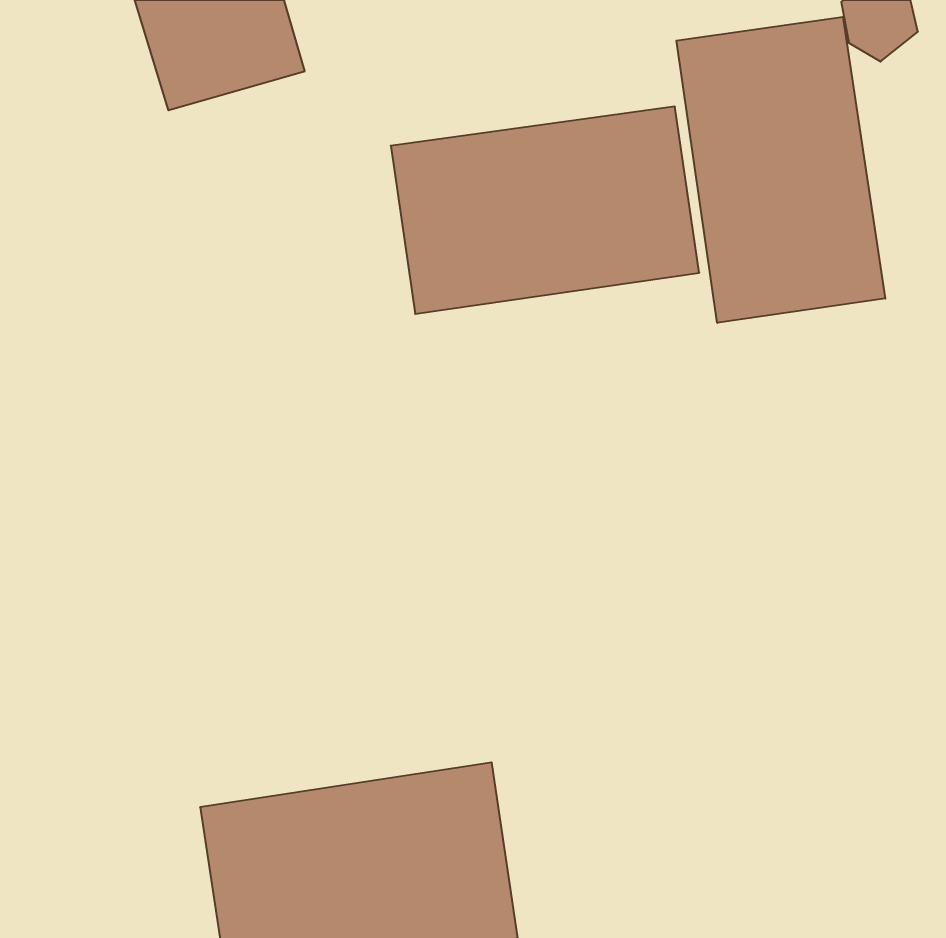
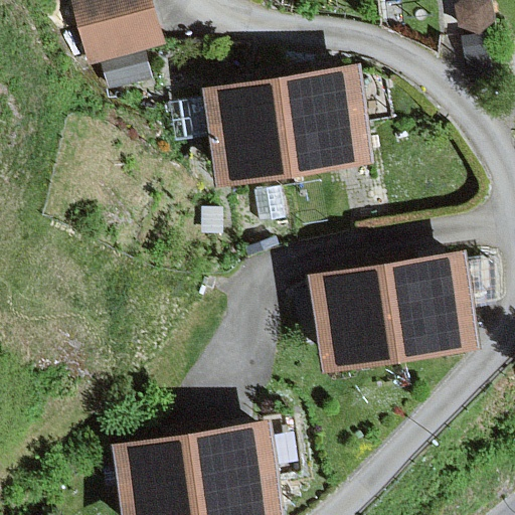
building: [676,17,885,323] -> none
building: none -> [309,252,478,373]

